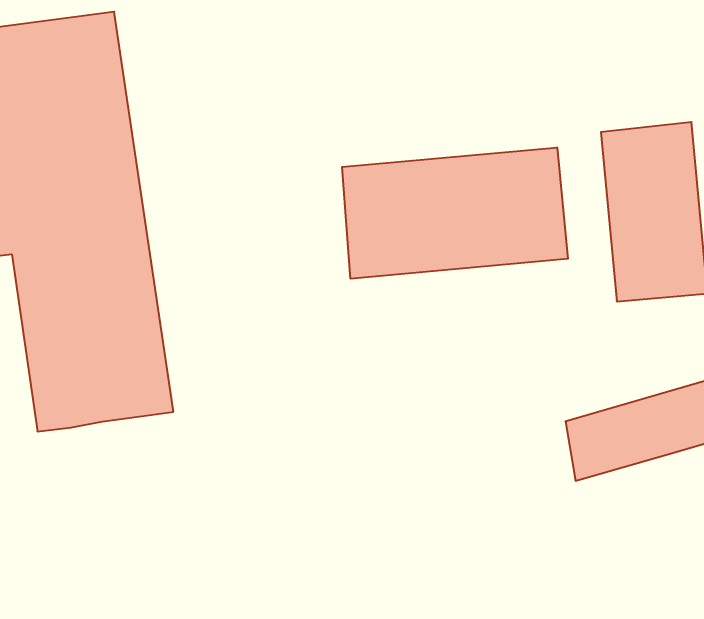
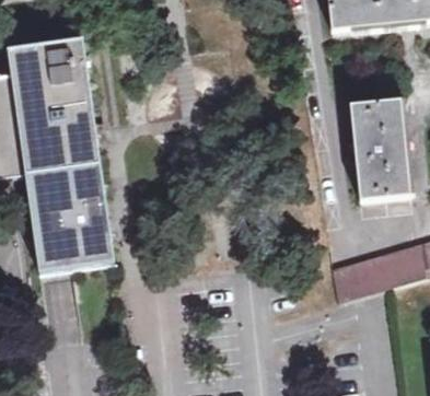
building: [342,147,568,279] -> none

